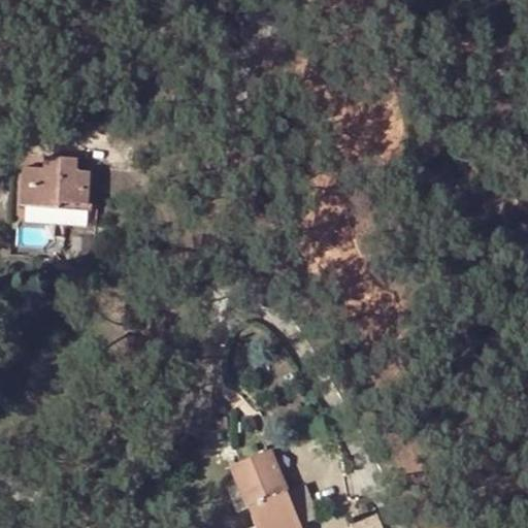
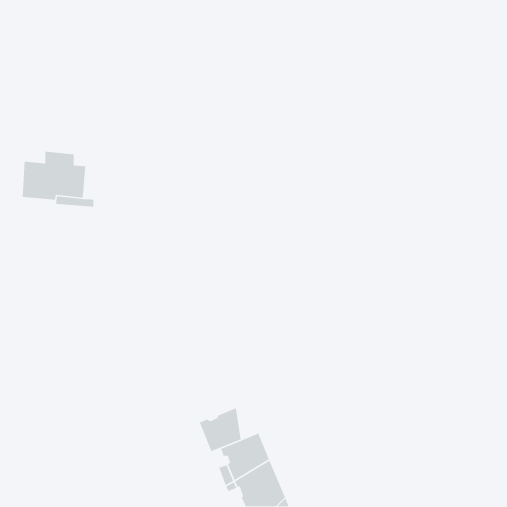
building: none -> [199,407,242,452]

